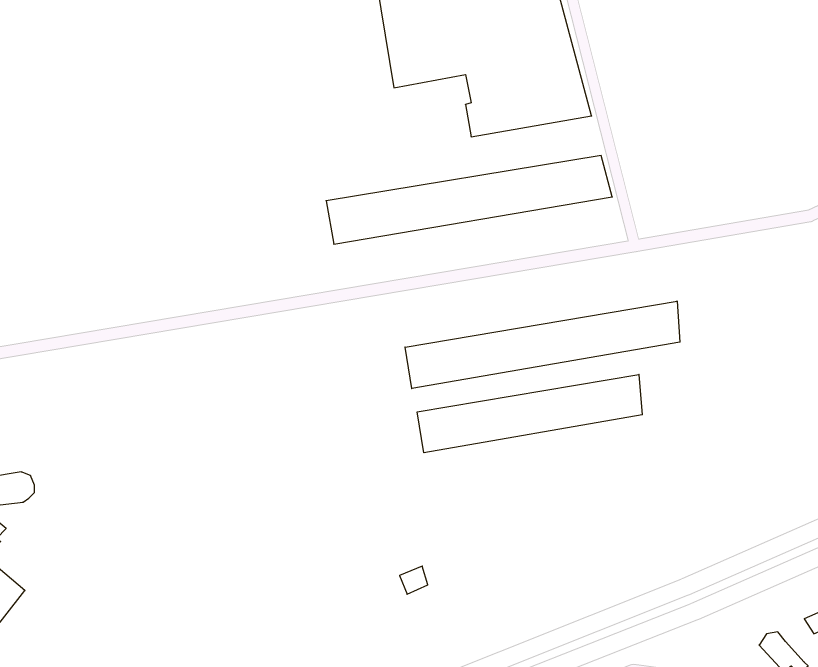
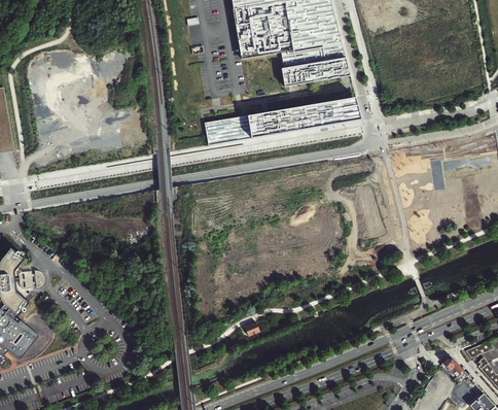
building: [405,301,680,389] -> none
building: [417,374,642,453] -> none

